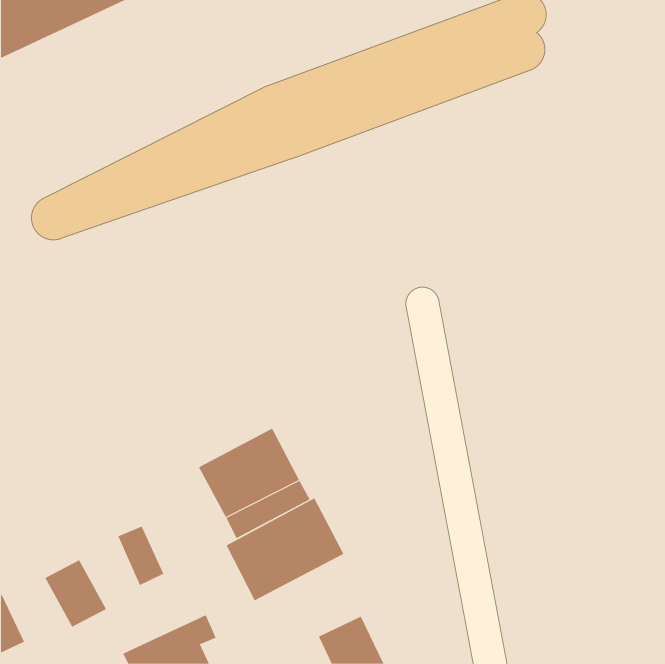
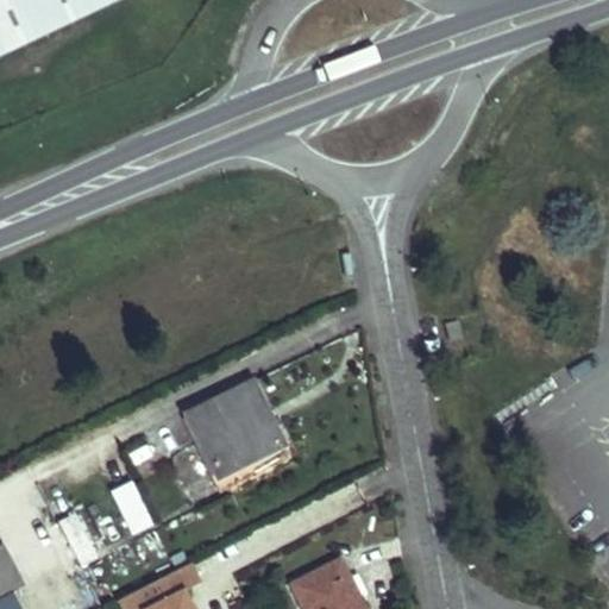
building: [226,497,344,601] -> none

